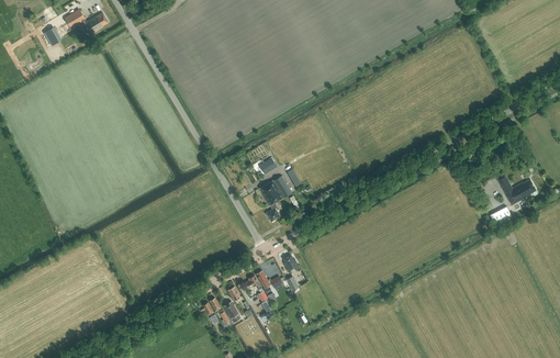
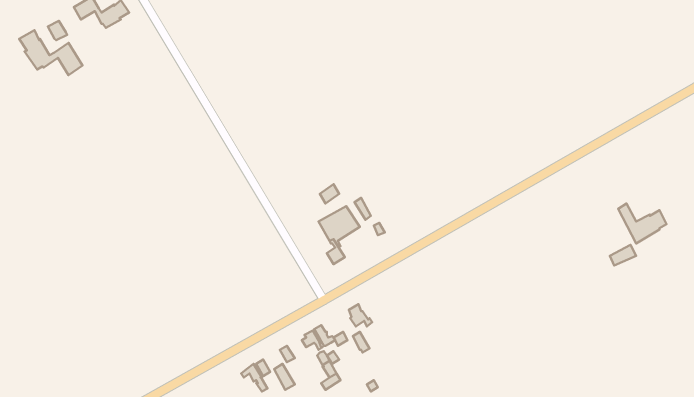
building: none -> [19,30,83,75]

